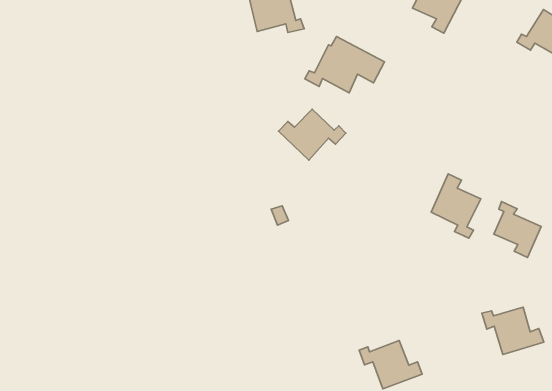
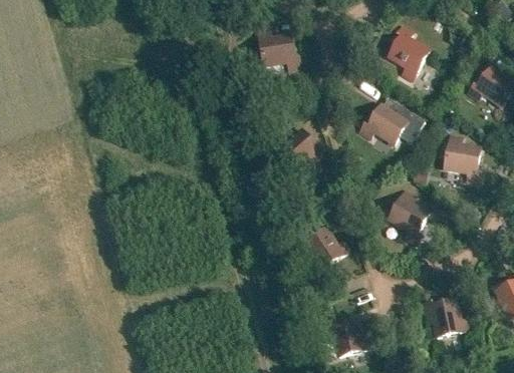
building: [305,37,384,93] -> [359,98,424,143]
building: none -> [444,134,480,180]
building: [494,202,541,258] -> none
building: none -> [296,228,348,268]

